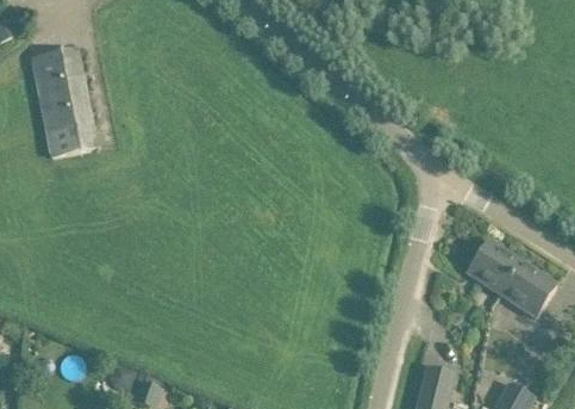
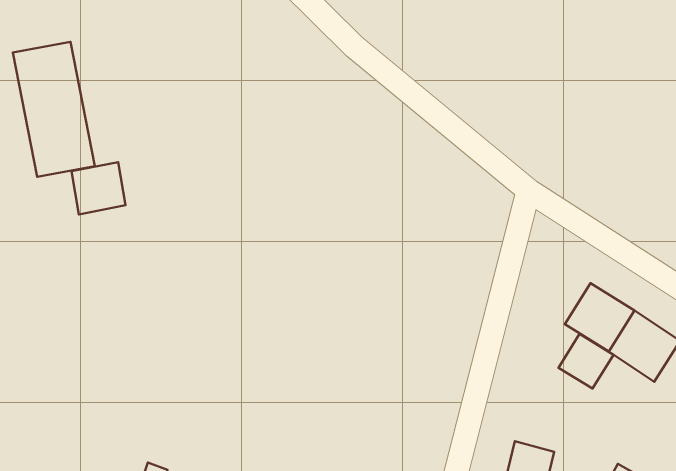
building: none -> [72,162,126,214]
building: none -> [558,334,614,389]

